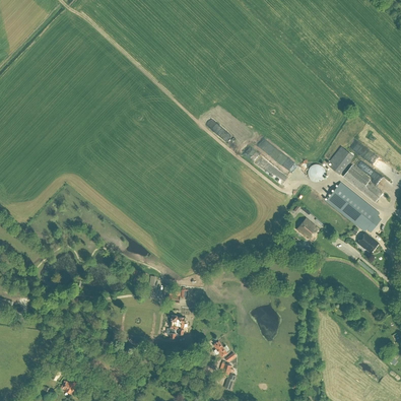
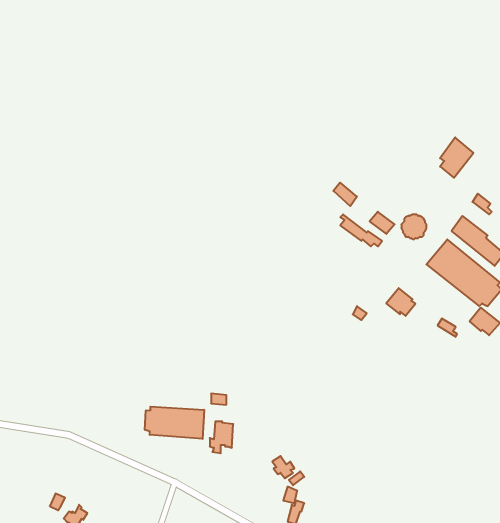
building: [330,145,354,175] -> [440,137,473,178]
building: none -> [145,407,204,439]

